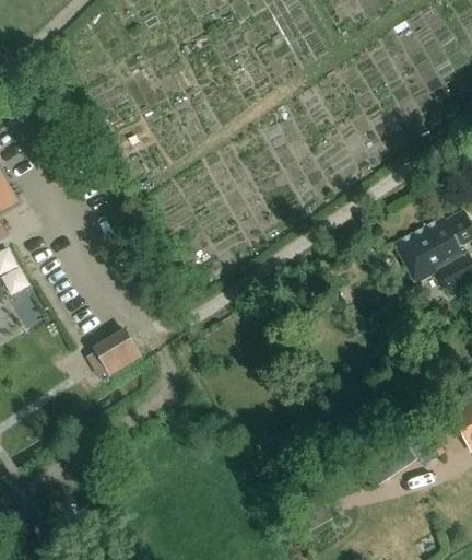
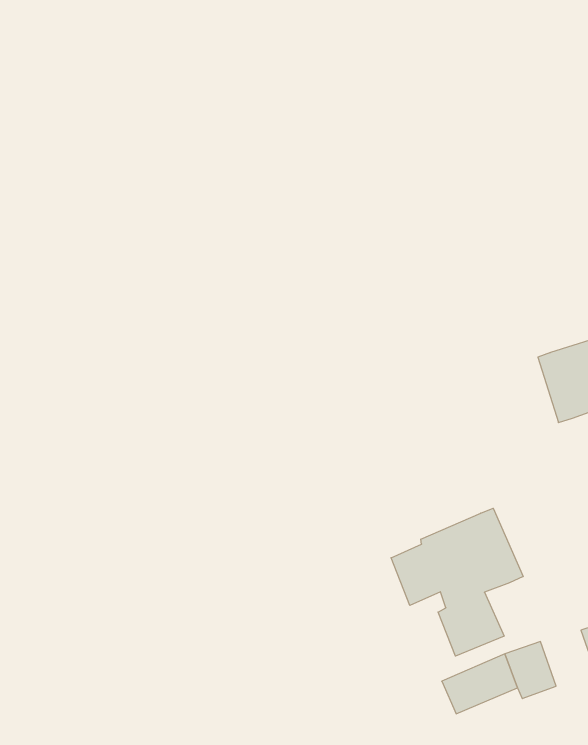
building: [87,334,141,382] -> none
building: none -> [391,508,523,656]

